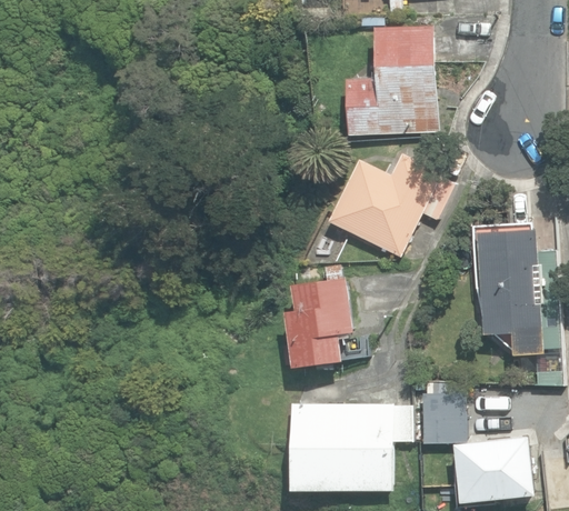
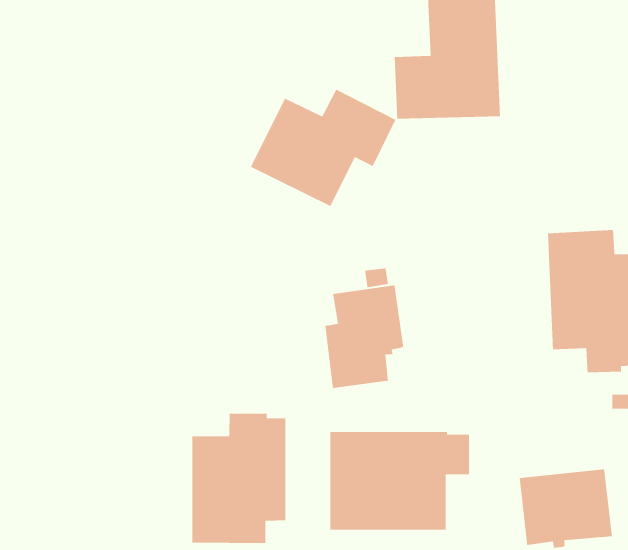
building: [327,152,453,254] -> [250,89,396,207]
building: none -> [191,413,286,544]
building: [419,391,463,443] -> none

